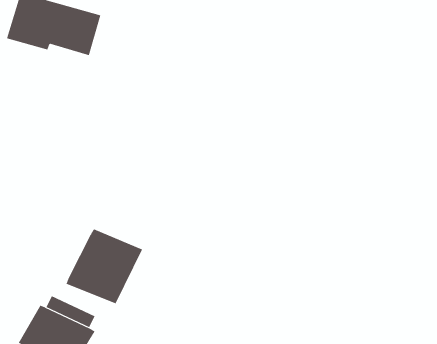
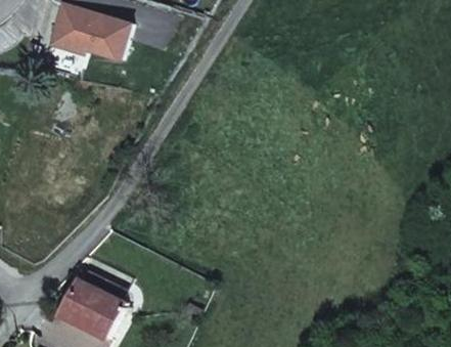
building: [66,229,143,304] -> none

